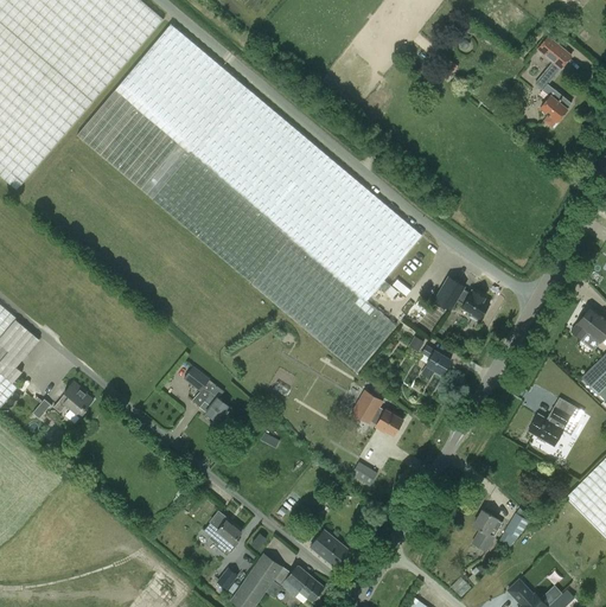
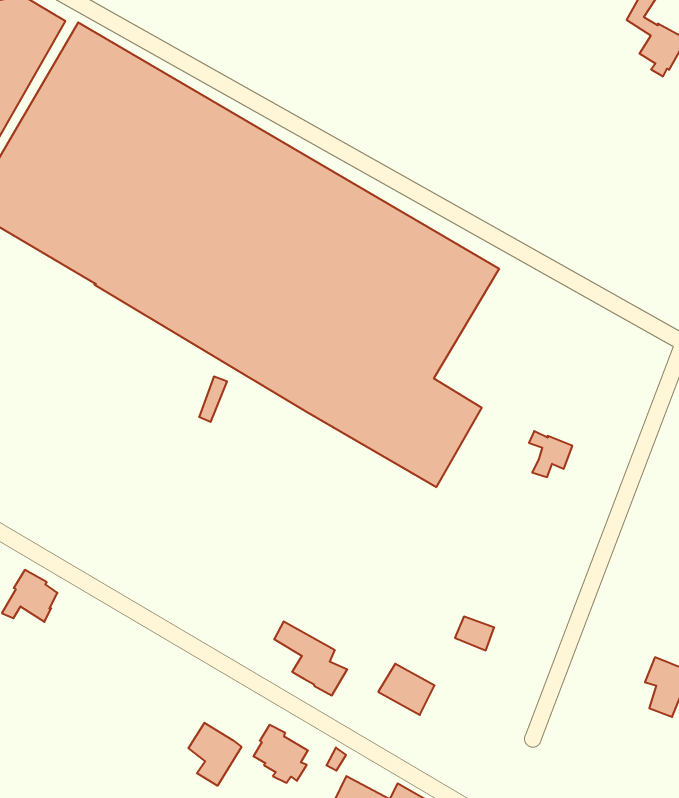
building: [433,277,489,320] -> none
building: [184,366,229,421] -> [274,621,347,695]
building: [351,390,403,435] -> none
building: none -> [188,723,241,786]
building: [310,530,347,567] -> [378,664,435,715]

